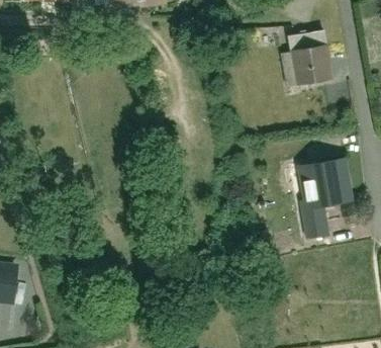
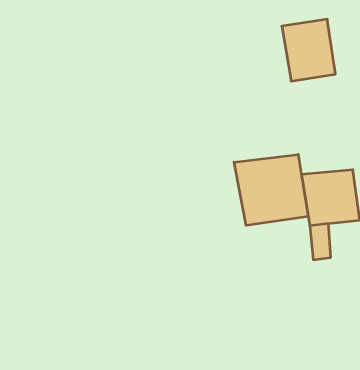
building: none -> [234,154,308,225]

